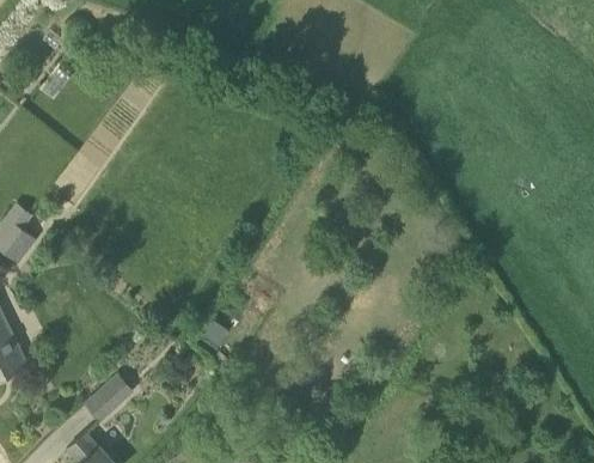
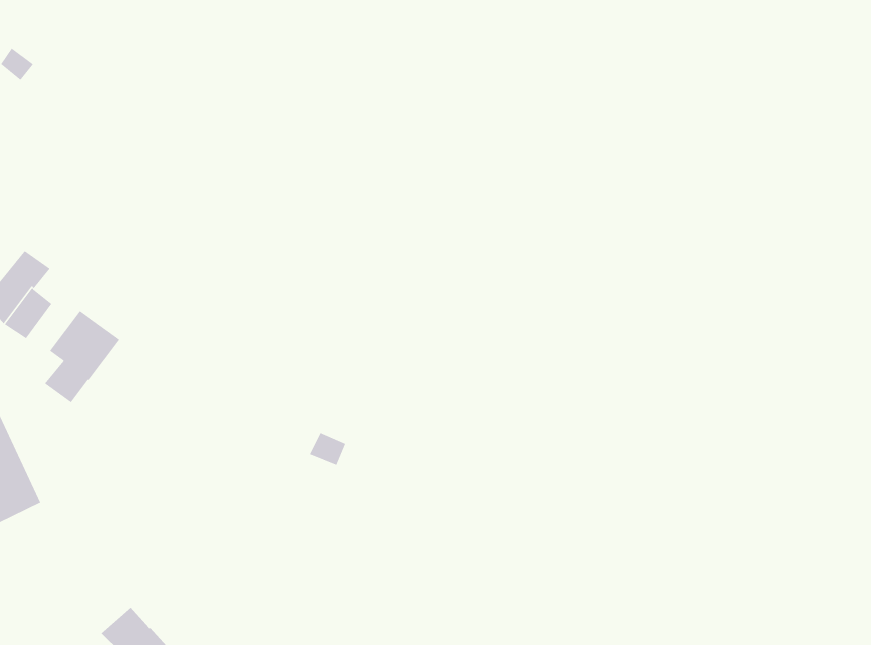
building: none -> [44,310,120,403]
building: [84,373,133,421] -> none

